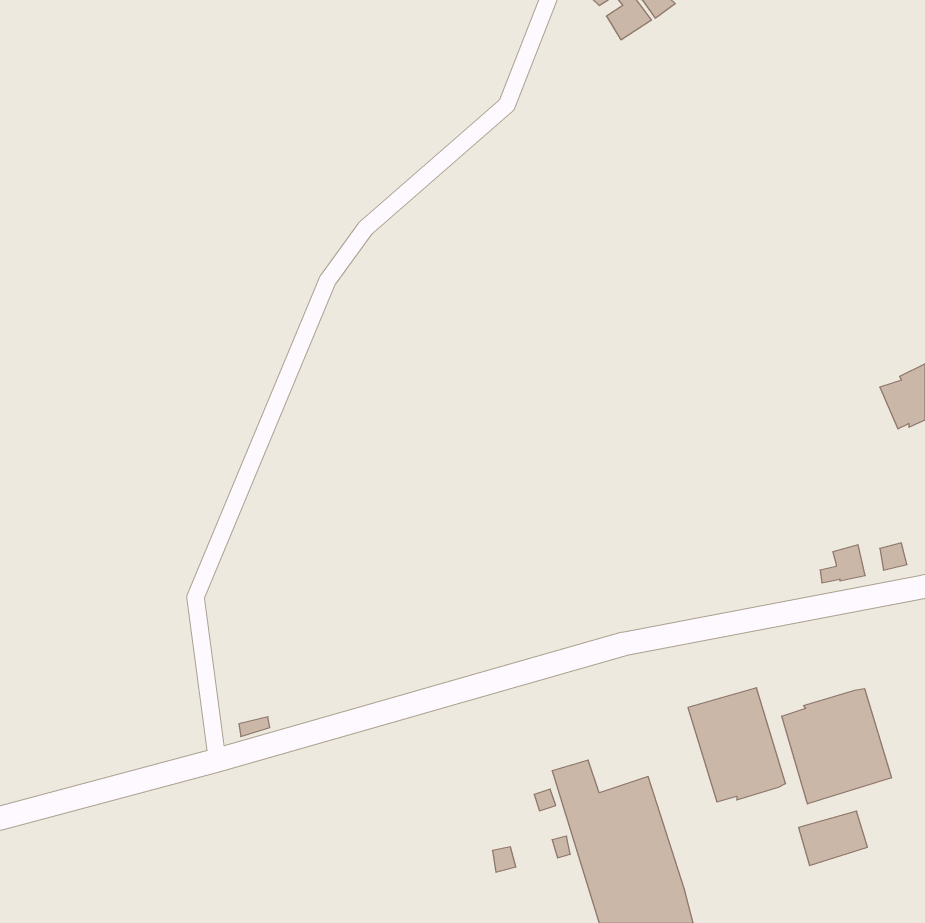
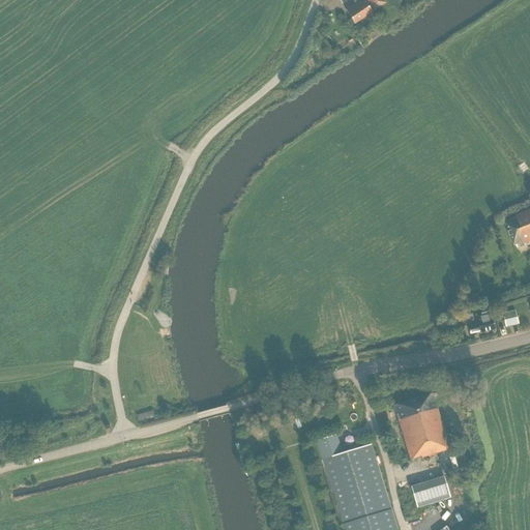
building: [782,689,891,804] -> none
building: [799,811,867,865] -> [411,476,450,507]

